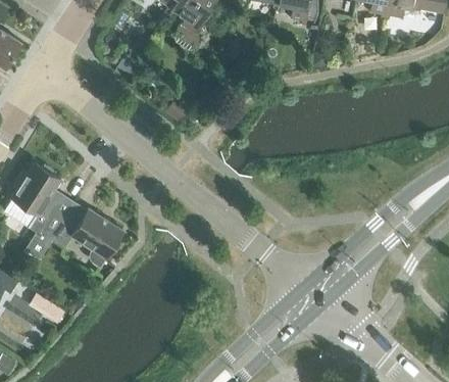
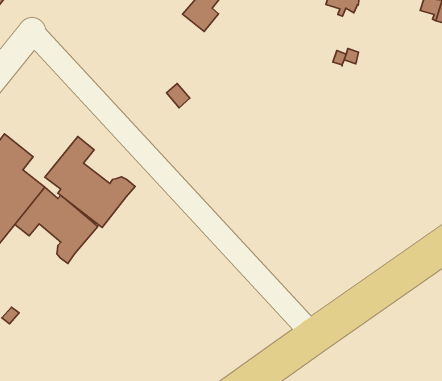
building: none -> [45,136,135,227]

